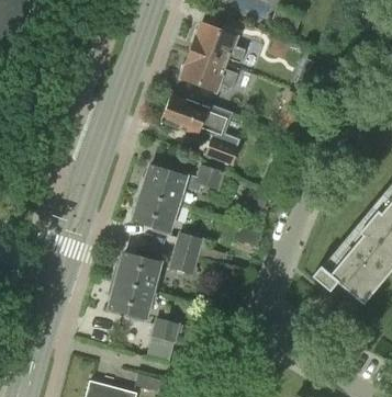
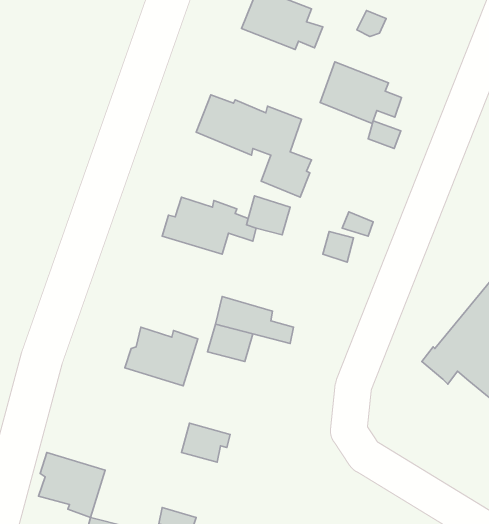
building: [182,52,237,93] -> [320,62,401,124]
building: [134,192,192,236] -> none
building: [108,281,153,325] -> [39,452,105,517]

